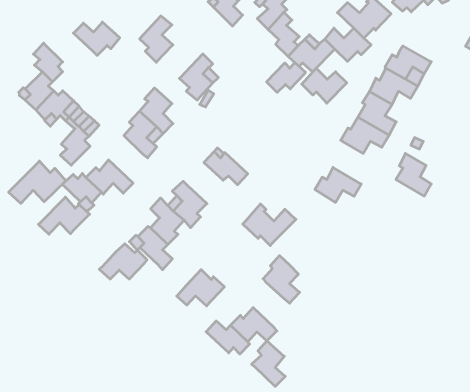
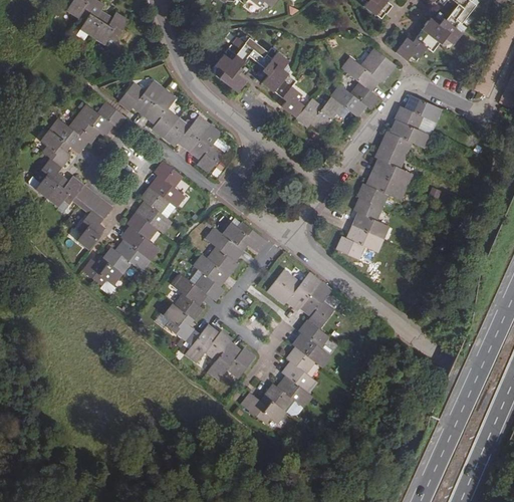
building: none -> [118,79,164,114]
building: none -> [49,115,98,152]
building: none -> [164,114,210,151]
building: [267,62,305,92] -> none
building: [302,68,347,103] -> none
building: none -> [123,214,161,261]
building: [396,153,431,196] -> [352,198,389,239]
building: none -> [206,227,243,274]
building: [9,161,66,203] -> none
building: [38,197,90,234] -> none
building: none -> [299,281,334,328]
building: [99,244,147,279] -> [185,324,232,361]
building: [252,341,285,386] -> [283,347,318,393]

